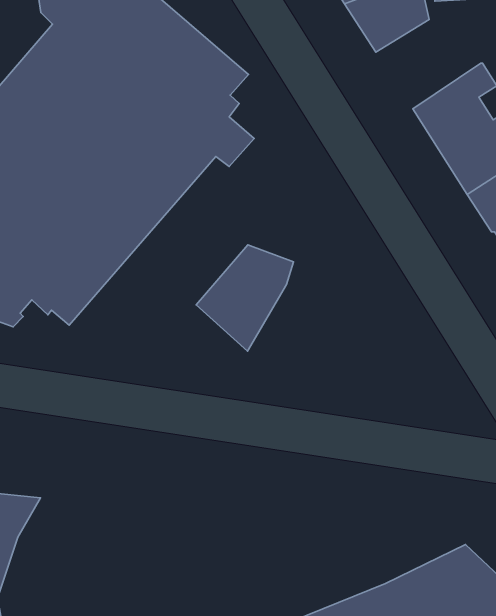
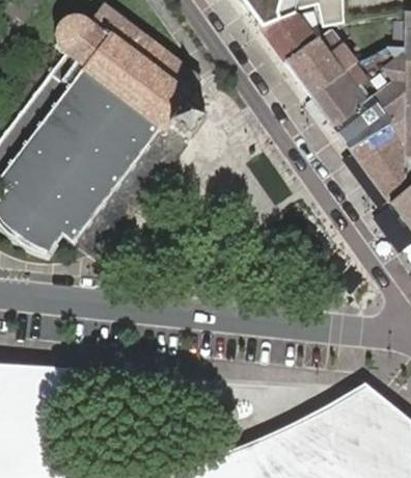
building: none -> [285,26,356,94]
building: [196,245,293,351] -> none

